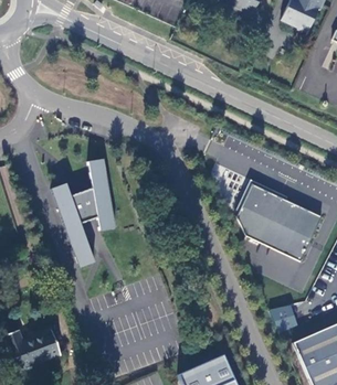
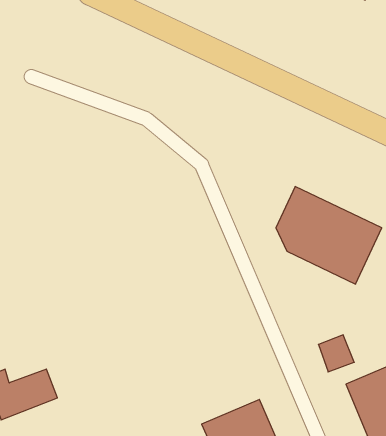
building: [51,159,115,268] -> none

